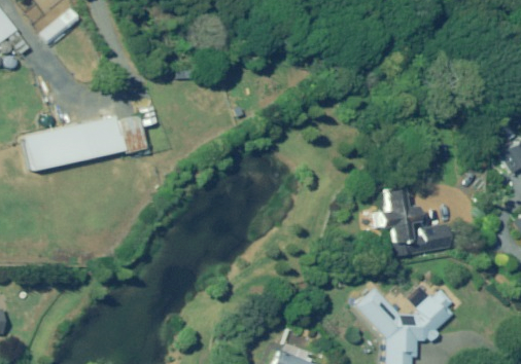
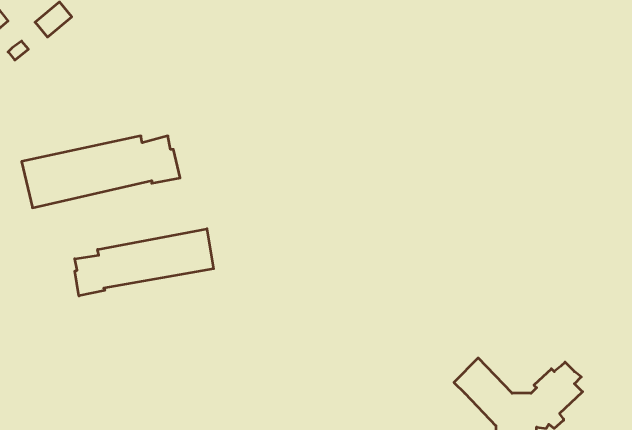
building: [374,187,451,256] -> none
building: none -> [75,229,214,296]

